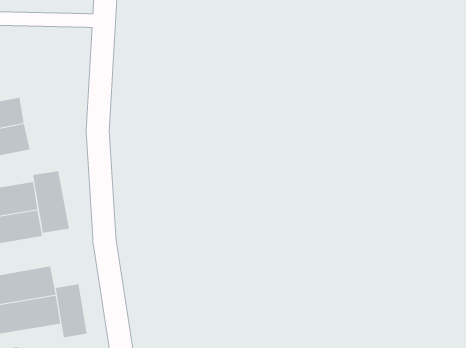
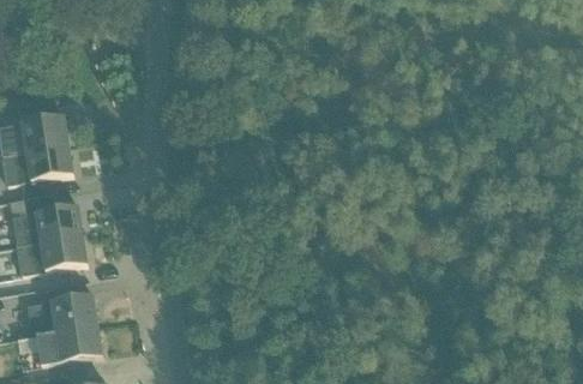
building: [33,171,69,234] -> none
building: [55,284,87,338] -> none

